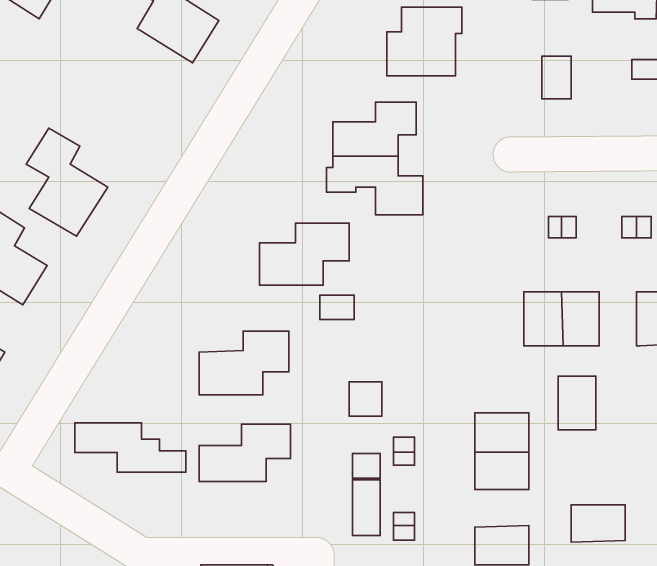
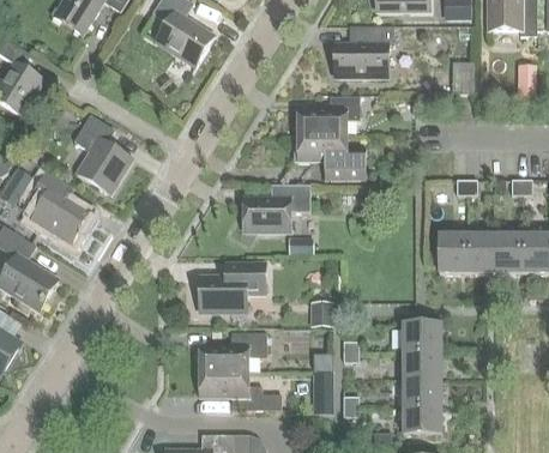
building: [558,376,596,430] -> [493,234,520,273]
building: [75,423,186,472] -> [199,373,280,409]
building: [571,505,625,542] -> [402,379,441,406]

